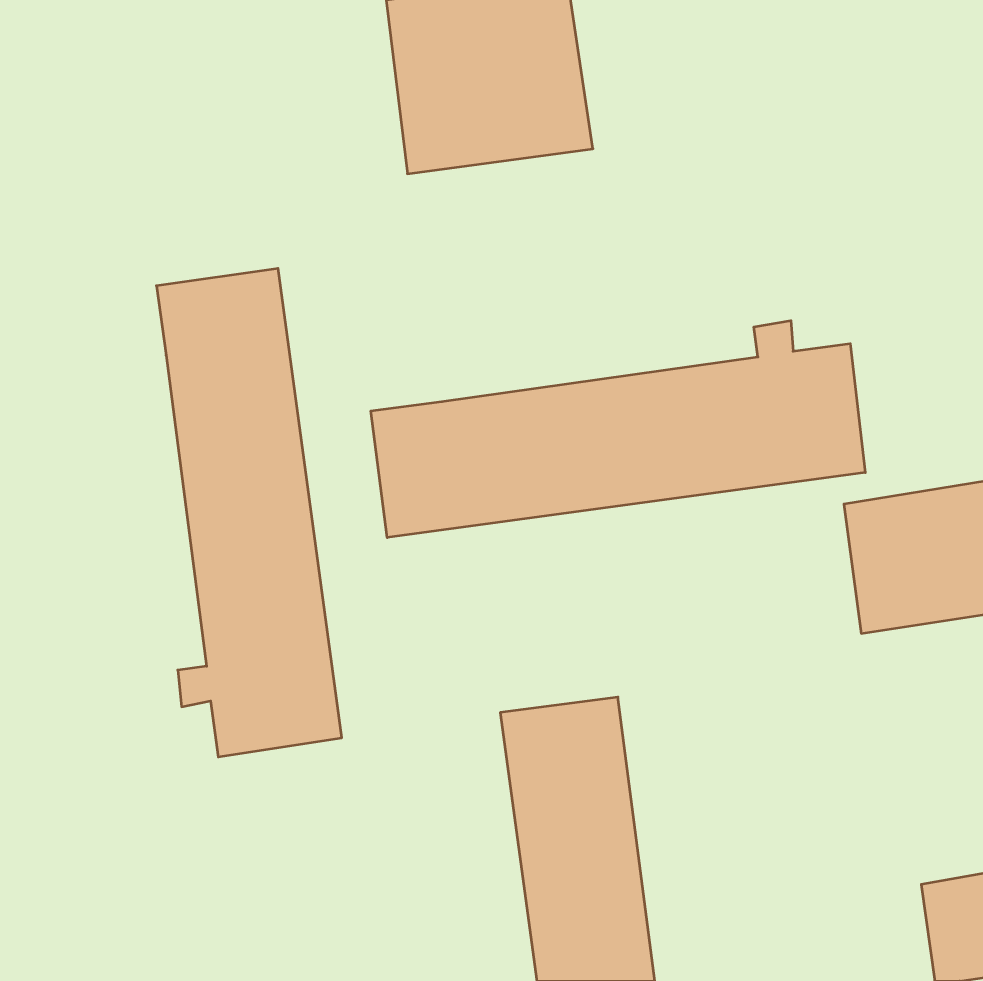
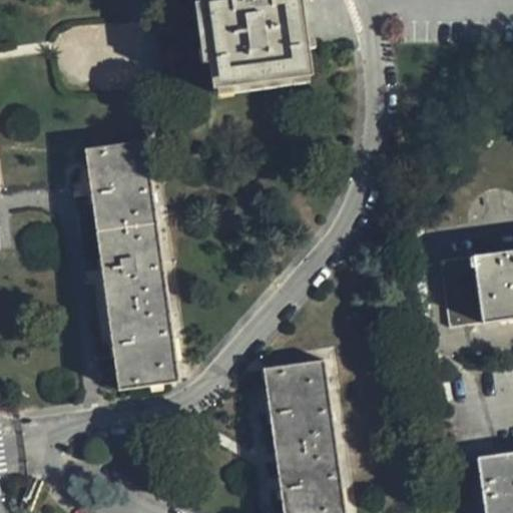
building: [371,321,865,538] -> none

